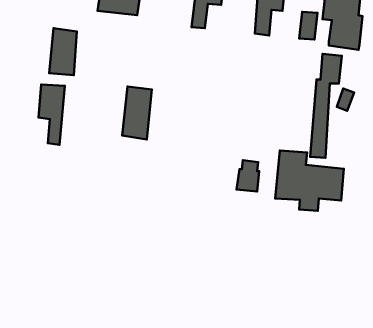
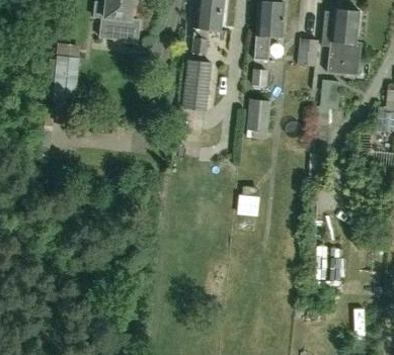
building: none -> [246,97,271,139]
building: [38,85,65,145] -> none
building: [122,87,152,140] -> [182,58,212,110]
building: [275,151,344,211] -> none

